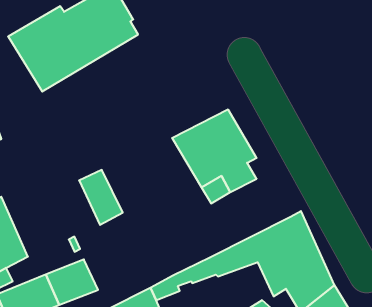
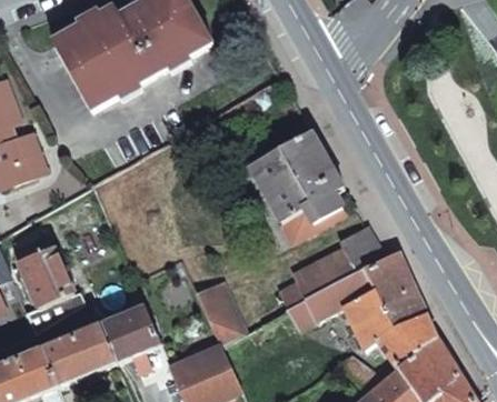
building: [79,170,123,225] -> [197,275,248,340]
building: none -> [282,227,386,304]

